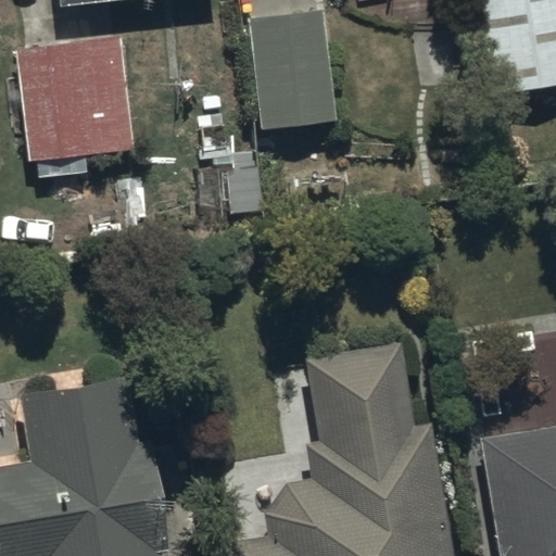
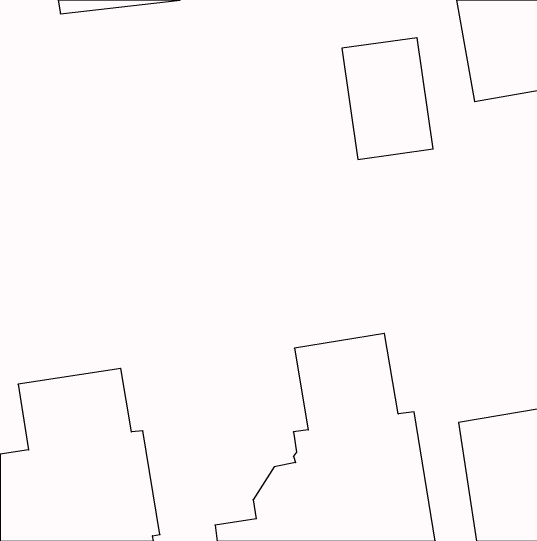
building: [249,14,342,139] -> [342,38,433,159]
building: [20,43,141,168] -> none

